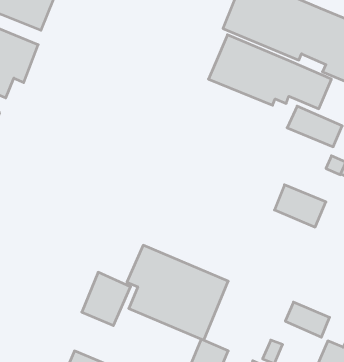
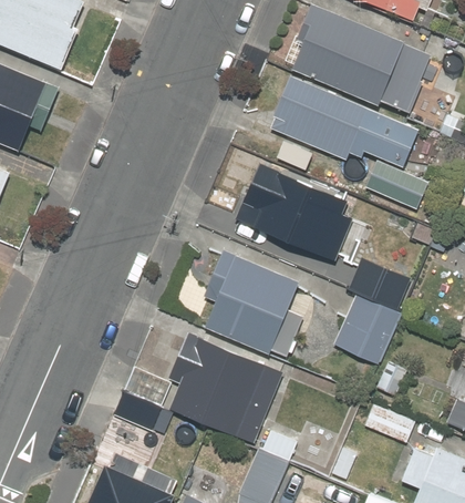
building: none -> [238,161,365,261]
building: none -> [203,250,302,357]
building: none -> [333,295,401,366]

